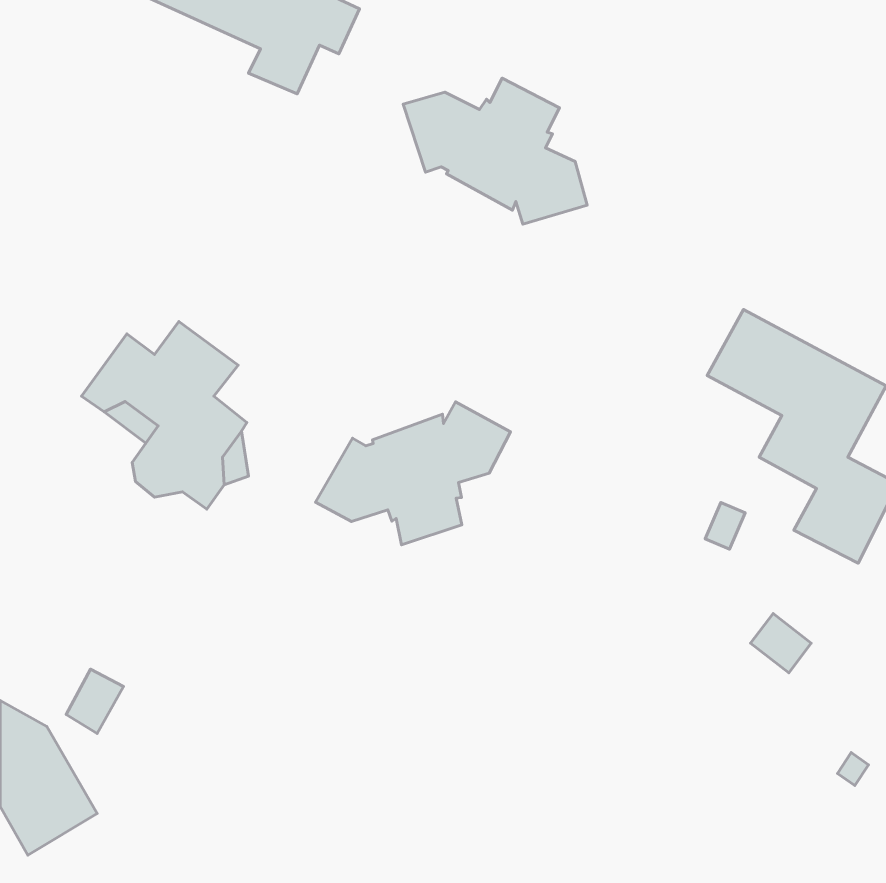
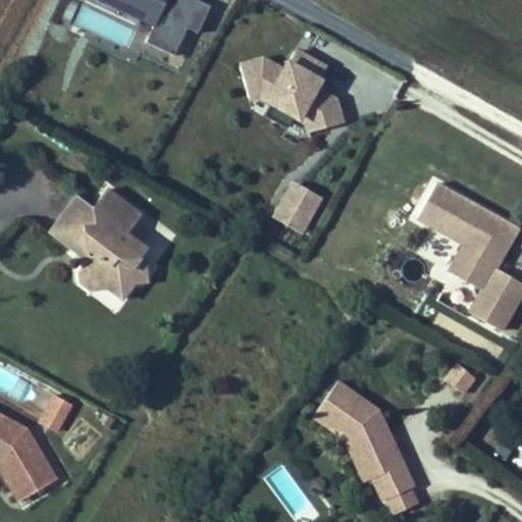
building: none -> [271,178,323,232]
building: [316,402,511,545] -> none
building: none -> [312,379,420,514]

